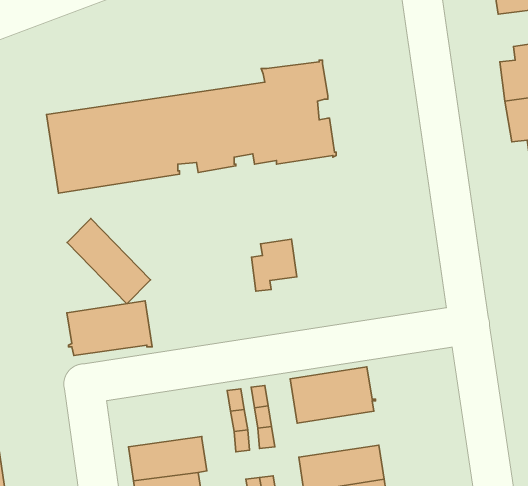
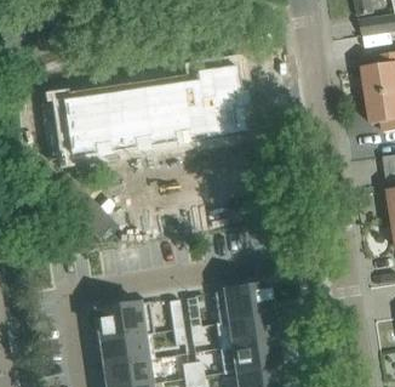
building: [252,239,297,291] -> none
building: [67,301,152,355] -> [93,301,154,340]
building: none -> [216,314,276,347]

